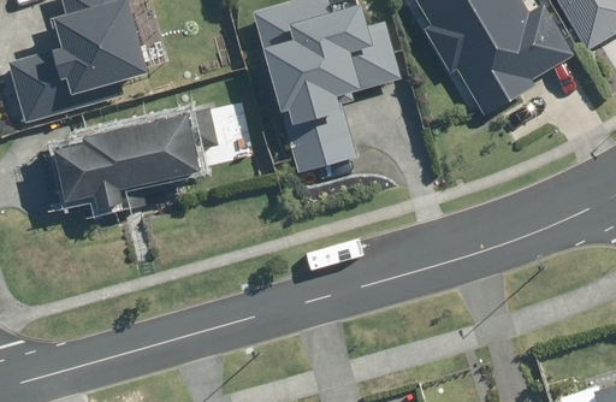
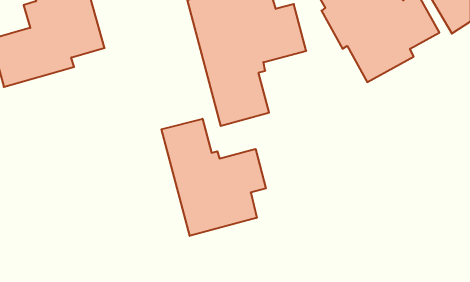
building: [41,105,225,209] -> none
building: none -> [161,119,266,236]

